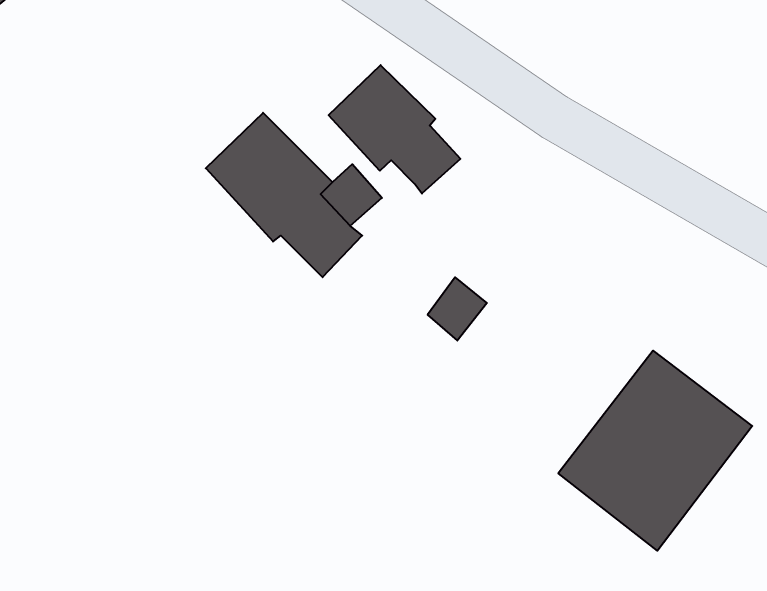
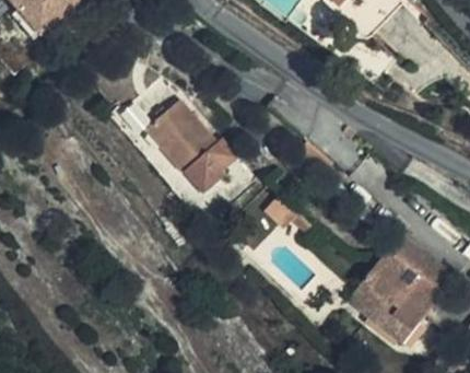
building: [329,65,460,194] -> none

